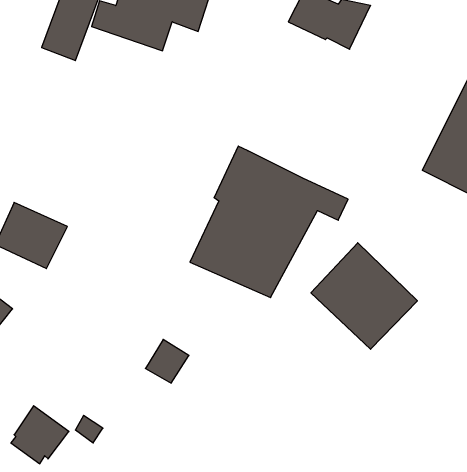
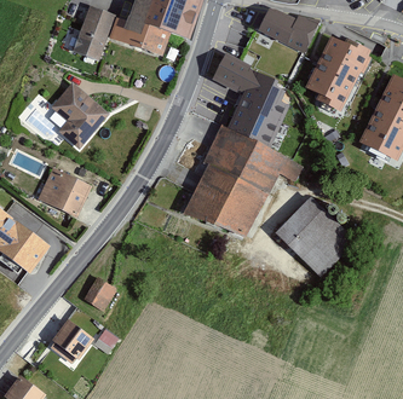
building: none -> [304,37,370,112]
building: none -> [213,57,289,149]
building: none -> [51,82,109,149]
building: [145,339,189,383] -> [84,276,116,308]

